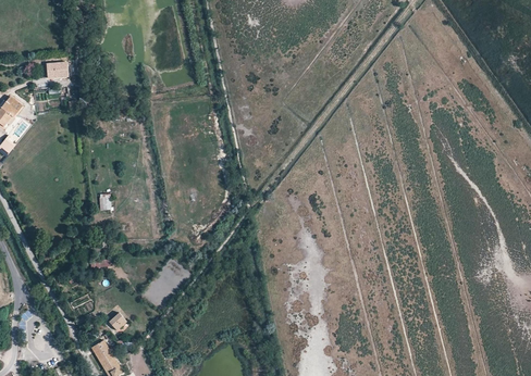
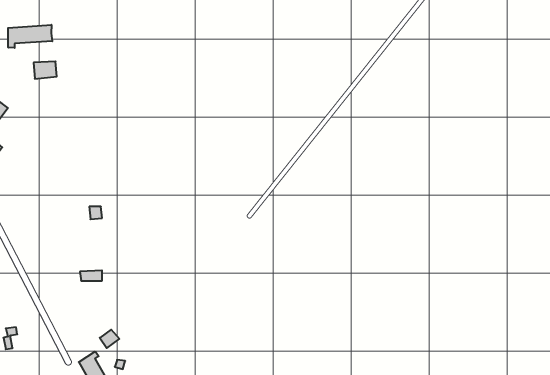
building: none -> [8,25,52,48]

